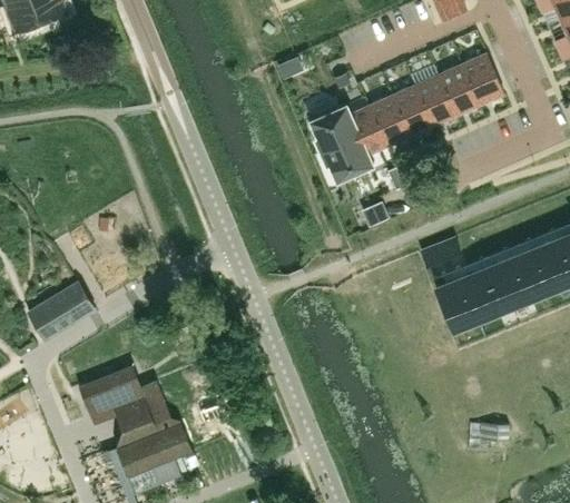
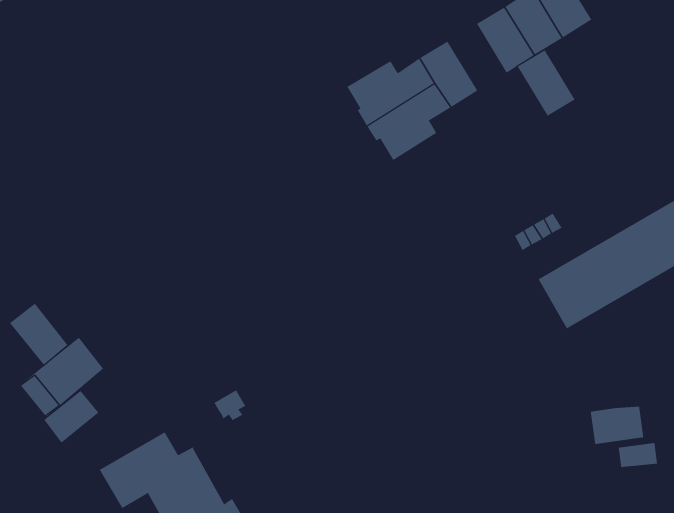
building: [392,85,433,136] -> [517,50,575,116]
building: none -> [9,303,68,366]
building: none -> [44,390,99,443]
building: none -> [590,406,644,445]

